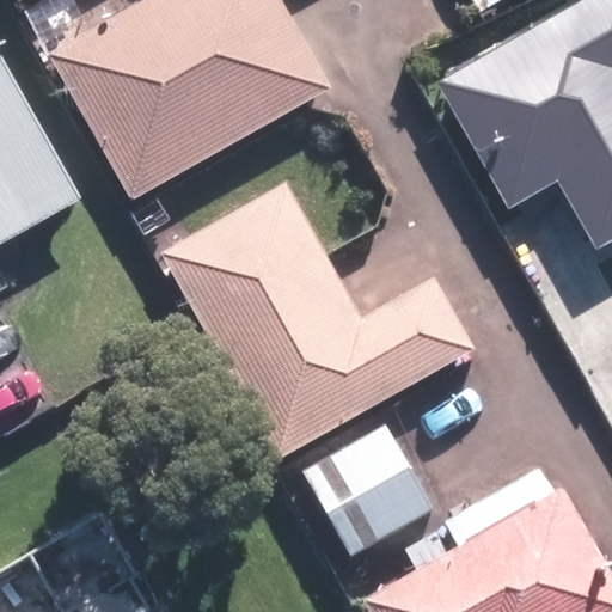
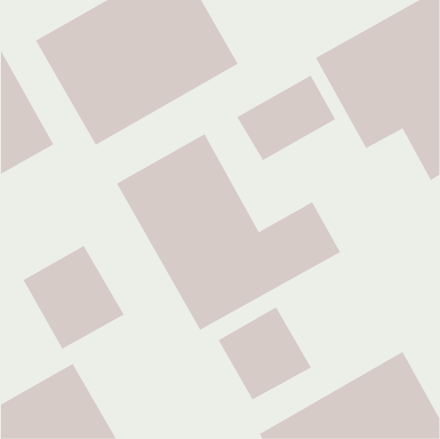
building: none -> [236,75,336,161]
building: none -> [23,245,124,349]

